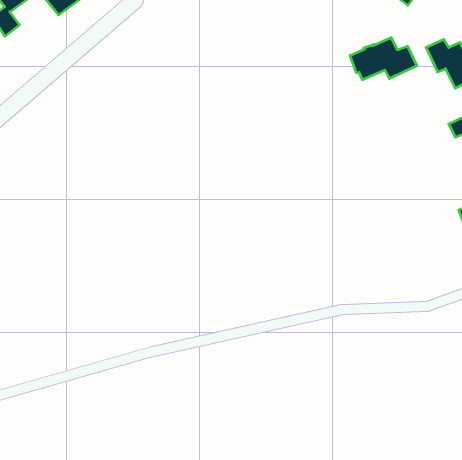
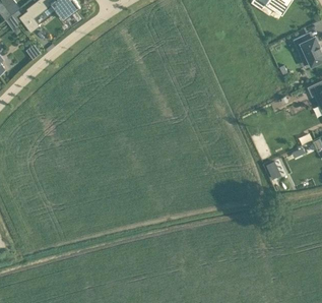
building: [350,38,417,80] -> none

